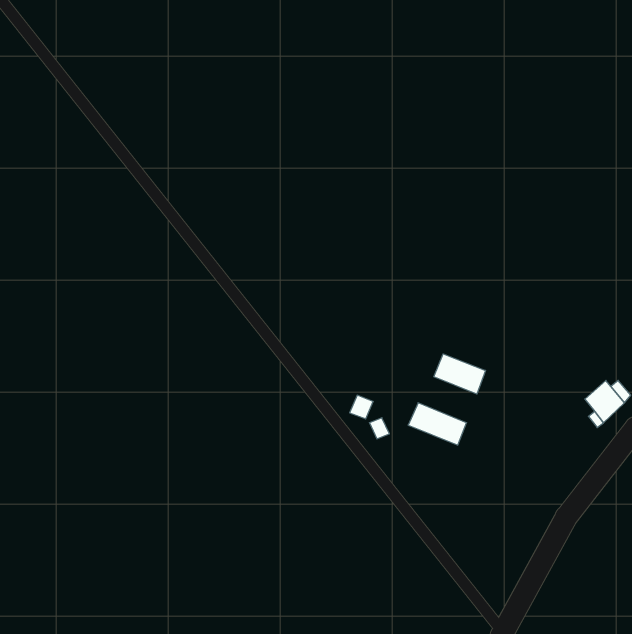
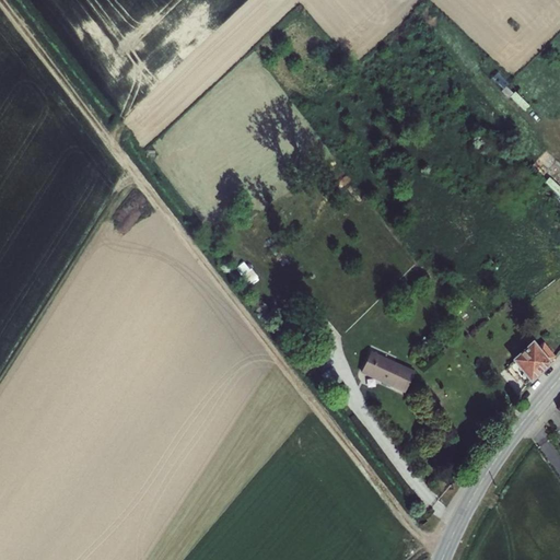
building: [434,354,485,394] -> none

